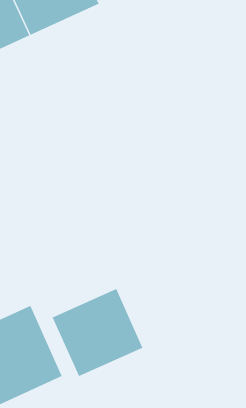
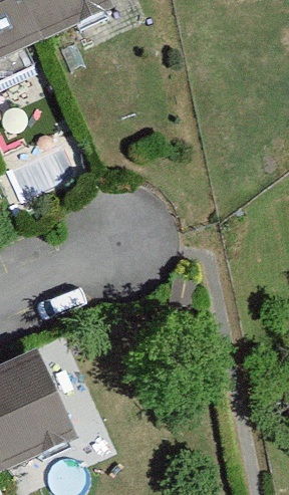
building: [52,288,143,377] -> none

